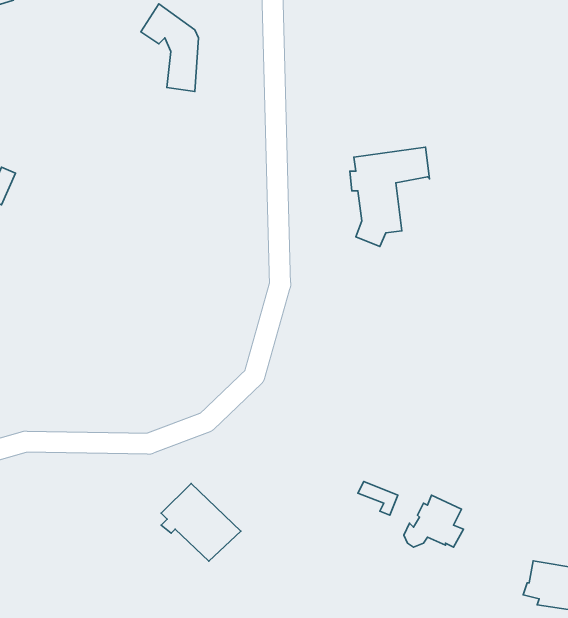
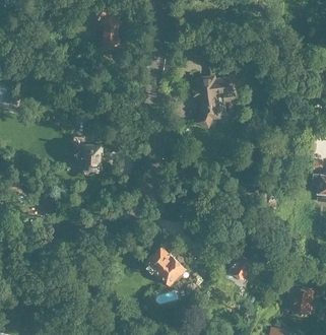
building: none -> [73,137,101,176]
building: [161,483,241,561] -> [146,247,187,286]

